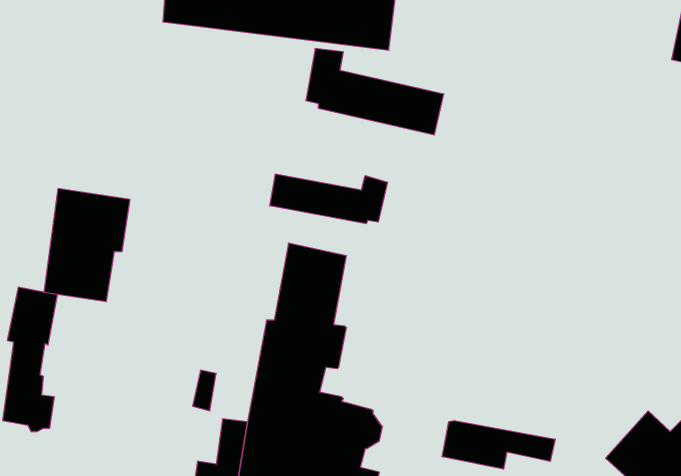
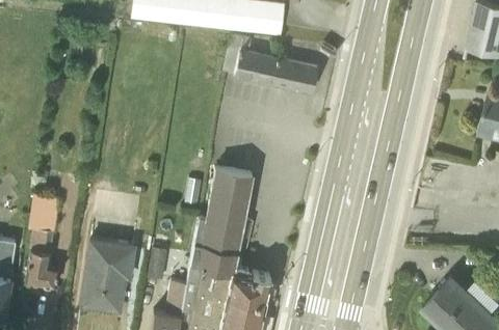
building: [270,174,388,224] -> none
building: [44,189,130,302] -> [80,238,137,312]
building: [442,420,555,469] -> none

